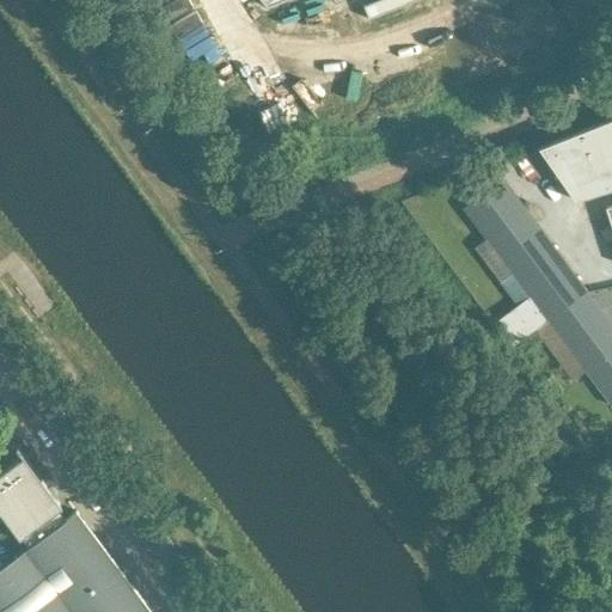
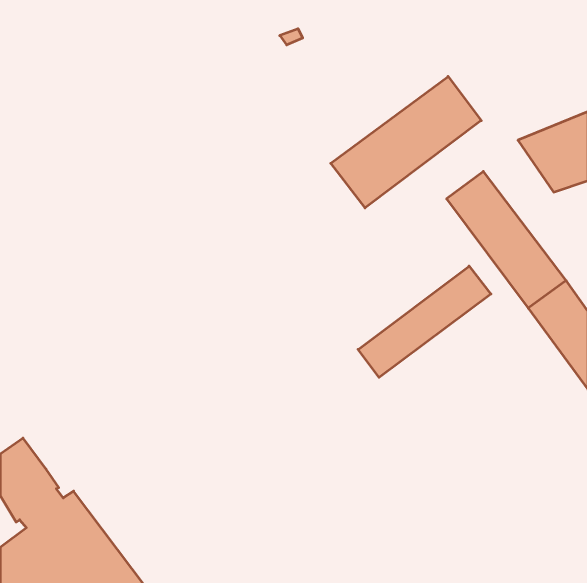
building: none -> [331,76,481,208]
building: none -> [358,266,491,377]

